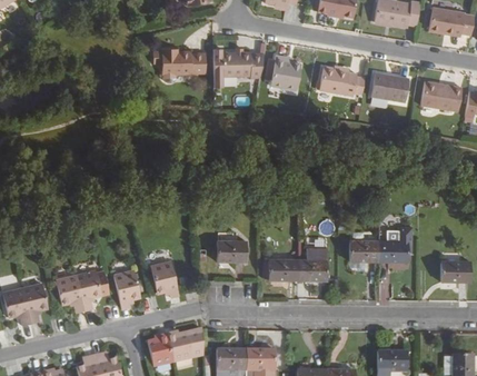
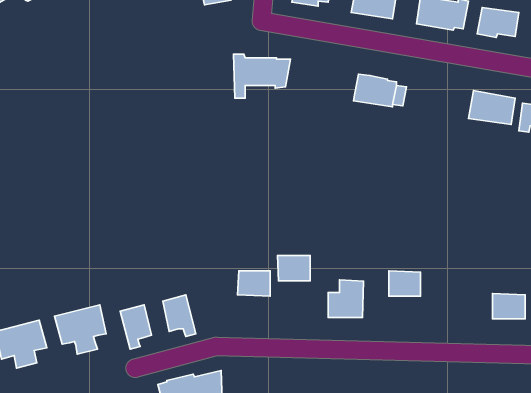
building: [152,49,205,75] -> none
building: [269,56,300,90] -> none
building: [369,72,408,102] -> none
building: [377,227,411,263] -> none
building: [267,259,296,281] -> [277,256,310,281]

